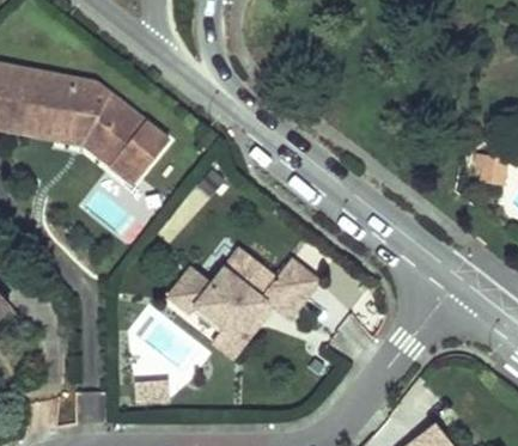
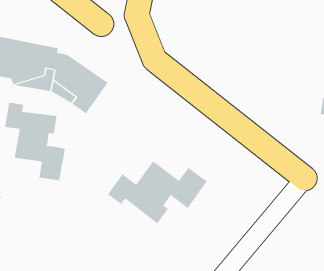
building: none -> [4,102,65,181]

